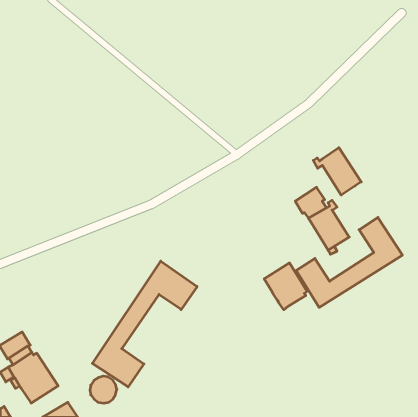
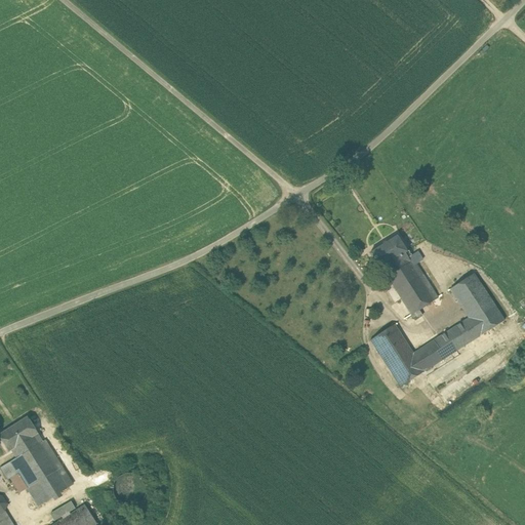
building: [313,148,361,195] -> none
building: [92,261,197,387] -> none
building: [264,263,307,310] -> none

